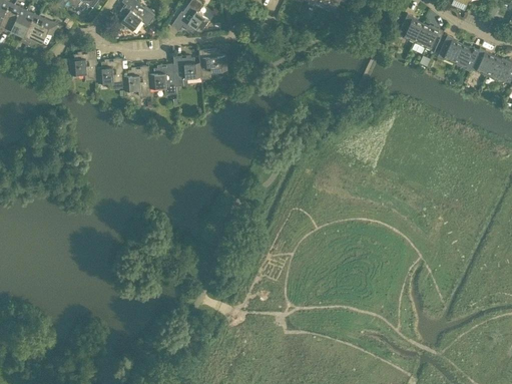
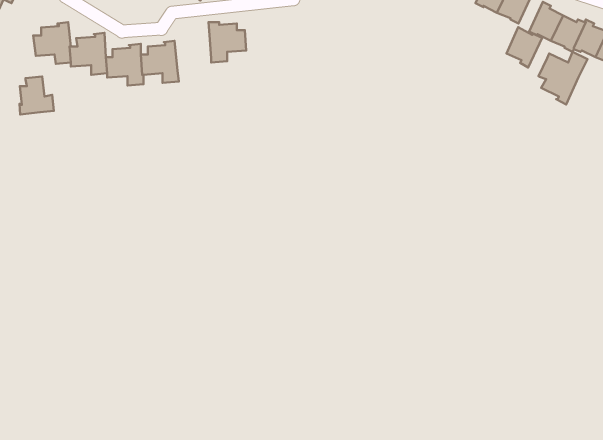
building: none -> [506,27,542,68]
building: [172,55,200,85] -> none
building: none -> [538,52,588,105]
building: none -> [19,76,54,115]

